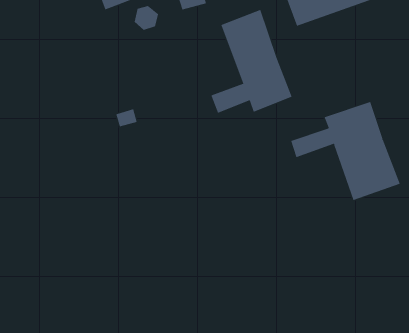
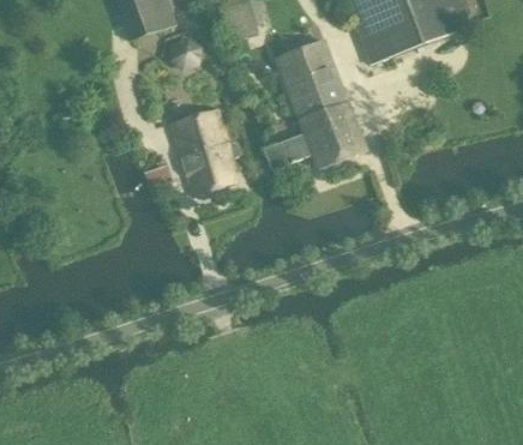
building: none -> [172,107,241,193]
building: [290,101,401,201] -> none

